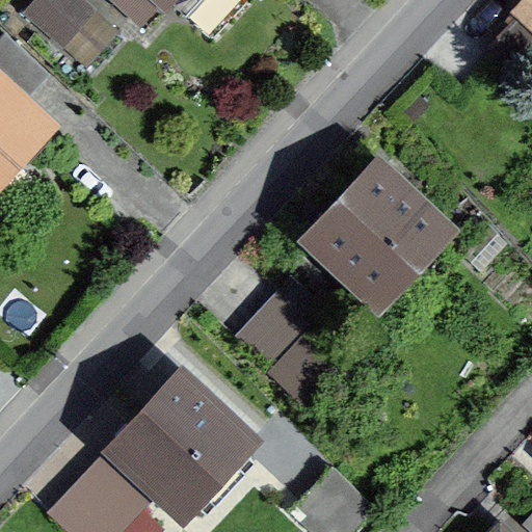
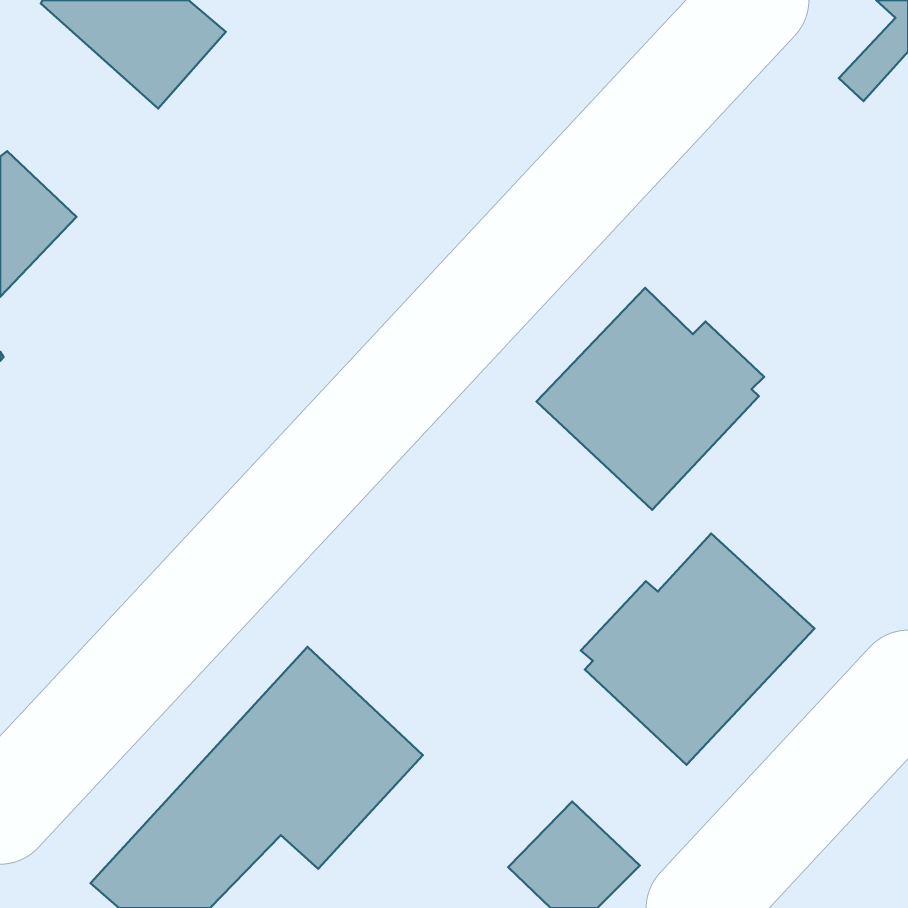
building: [236,292,335,389] -> none
building: none -> [581,534,814,765]

